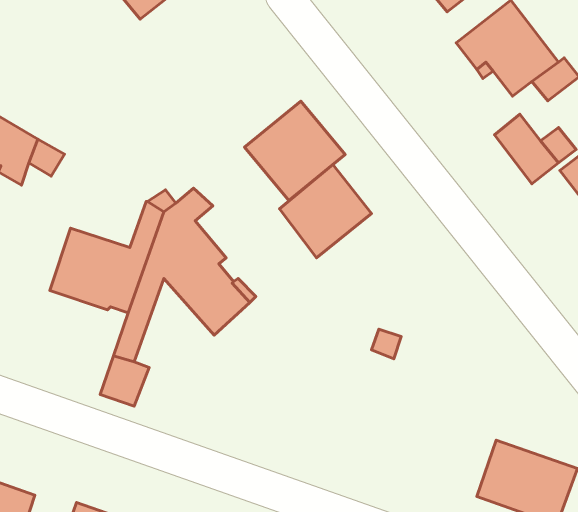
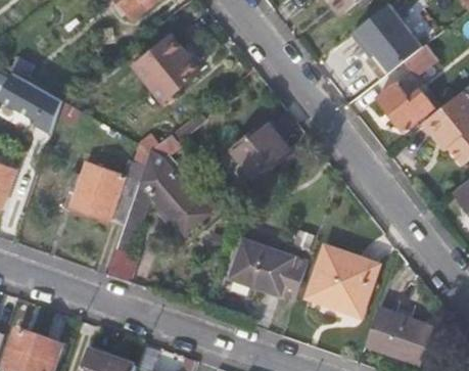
building: [244,101,345,200] -> [131,32,200,100]
building: none -> [229,237,307,300]
building: none -> [309,243,377,314]

